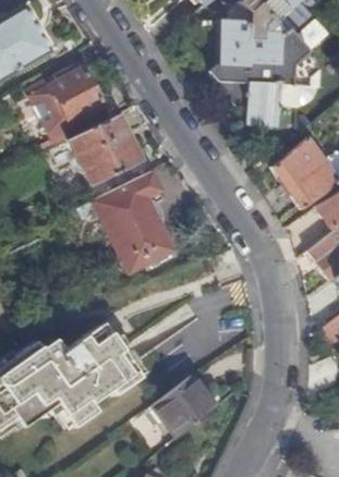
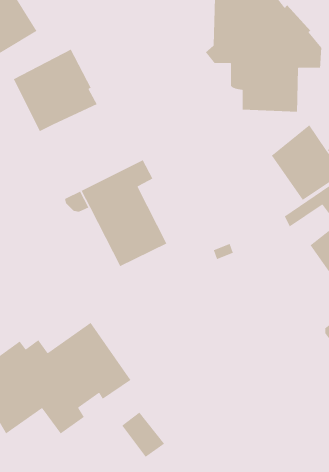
building: [70,115,142,185] -> none
building: [153,376,217,439] -> none

